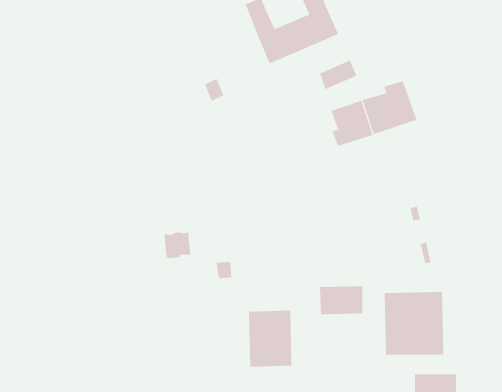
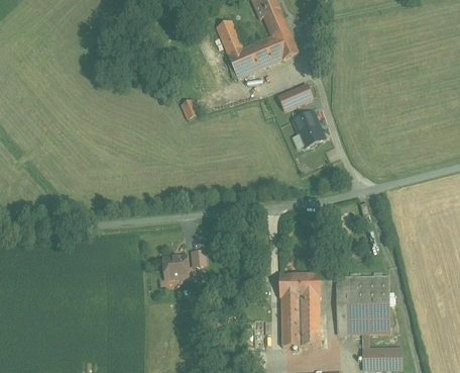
building: [362,81,417,135] -> none
building: [163,232,191,259] -> [162,256,187,279]
building: [248,310,292,367] -> [281,296,320,346]

